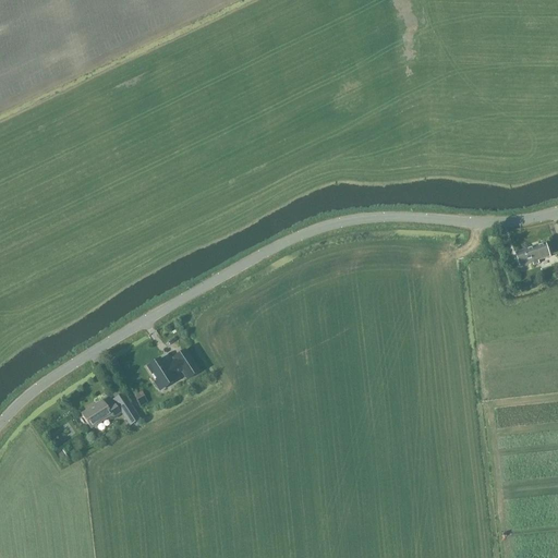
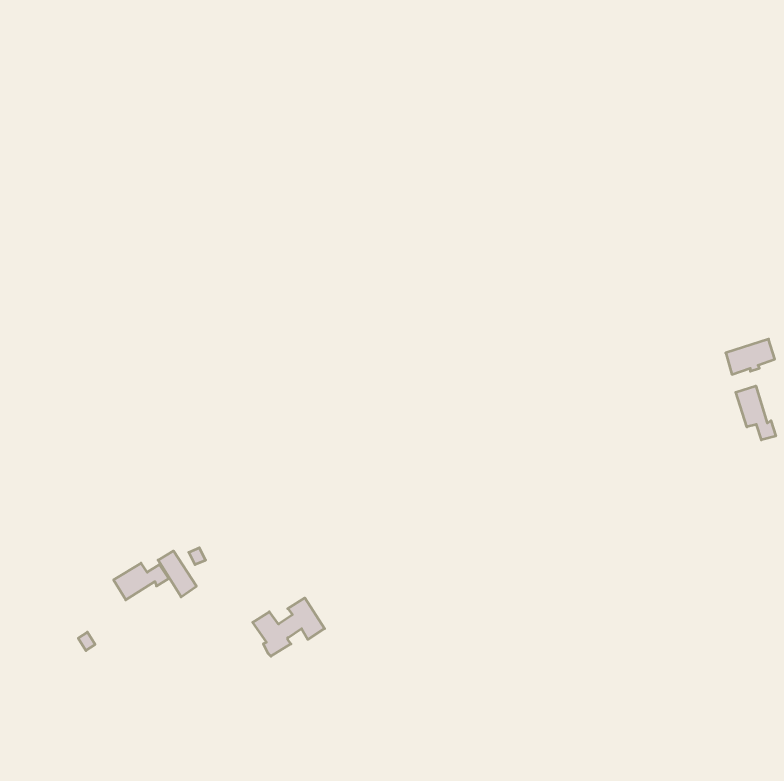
building: none -> [736,386,776,440]
building: [146,347,197,388] -> [253,598,325,656]

